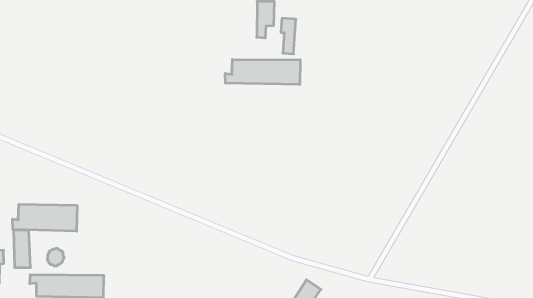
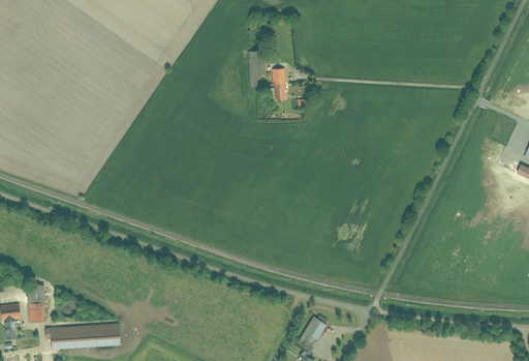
building: [225,59,300,85] -> none
building: [13,204,77,231] -> none

